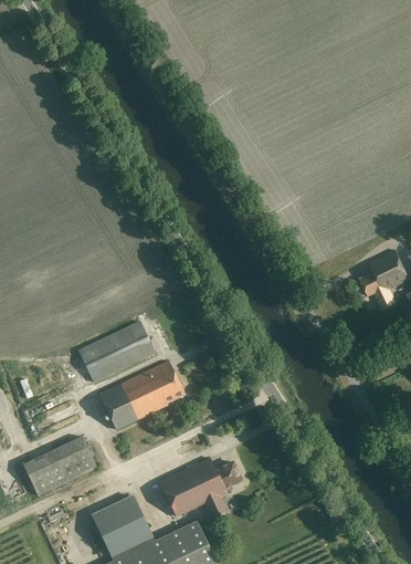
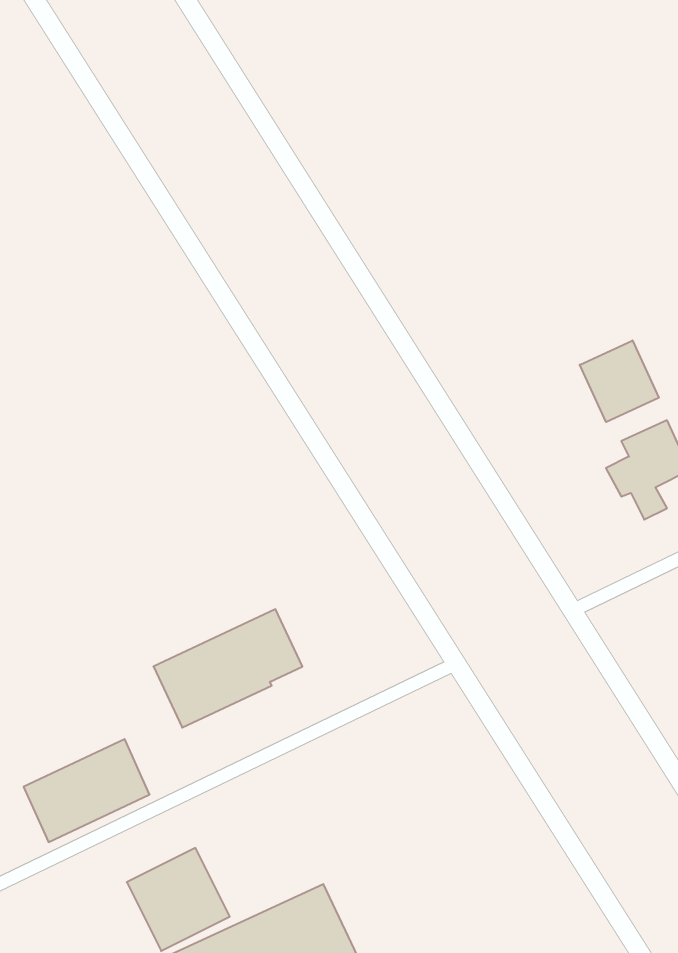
building: none -> [580,340,659,422]
building: [78,322,155,382] -> none
building: [159,458,241,520] -> none

